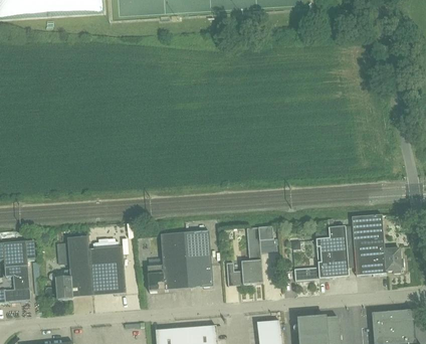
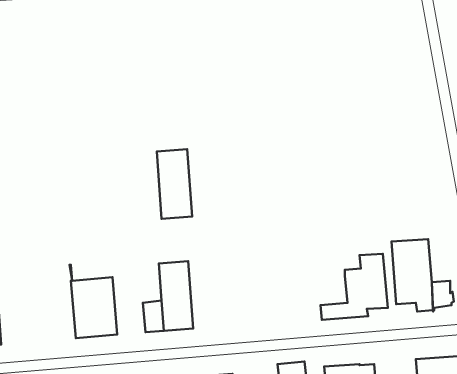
building: [225,224,273,284] -> none
building: [184,229,213,287] -> [157,149,192,219]
building: [55,234,91,298] -> none

